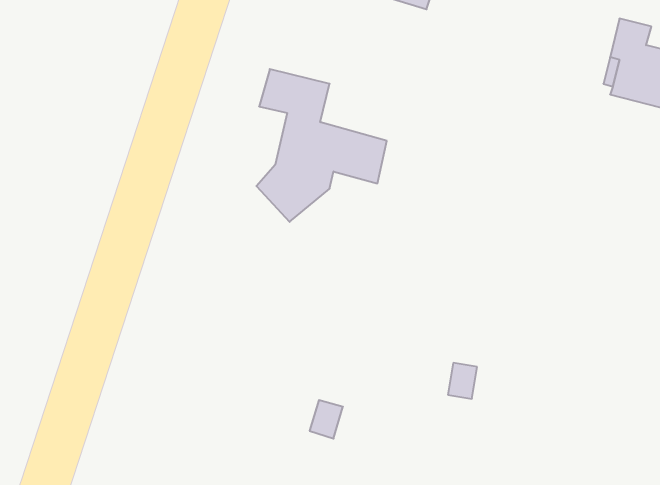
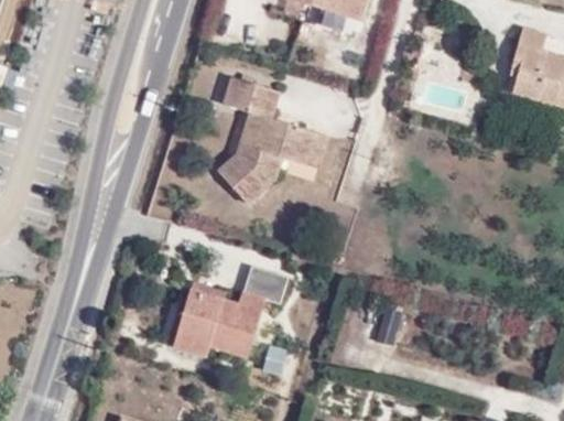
building: none -> [175,262,289,356]

